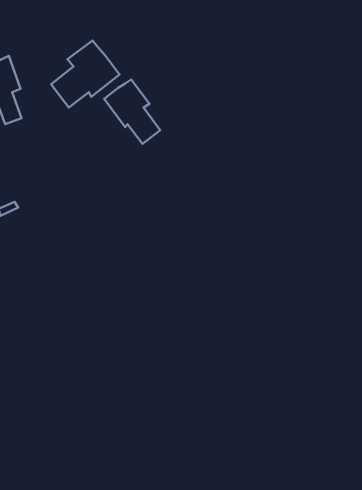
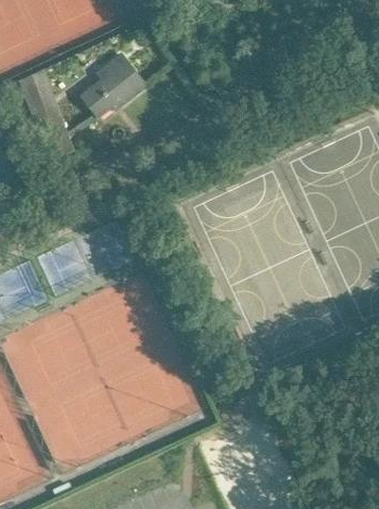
building: [104,79,160,144] -> none

